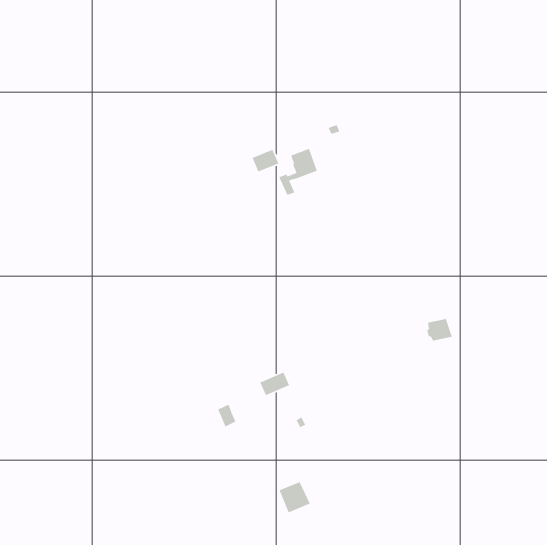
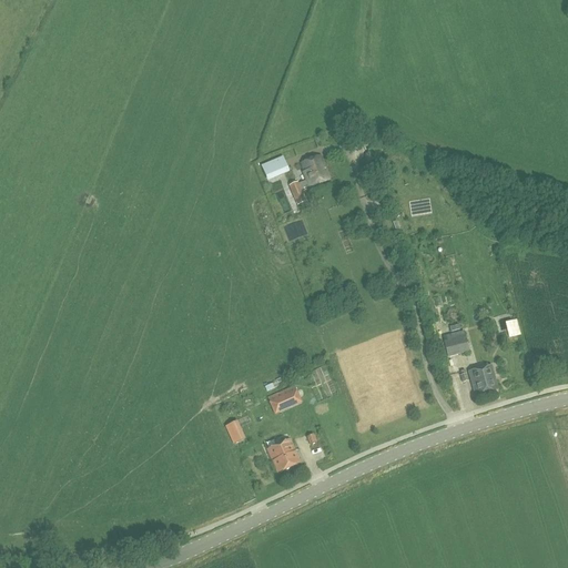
building: none -> [468,364,498,395]
building: [279,481,311,513] -> [267,438,301,471]

